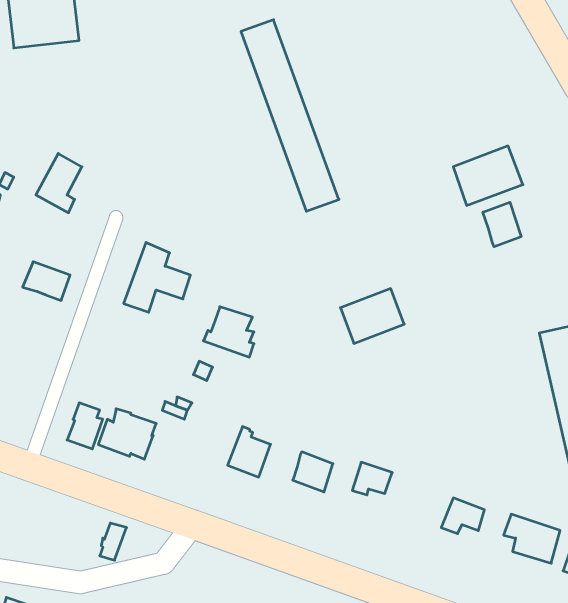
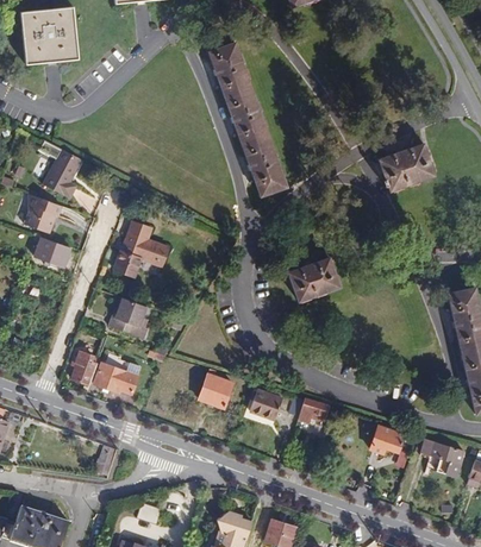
building: [483,202,521,247] -> none
building: none -> [24,194,61,232]
building: [203,307,254,357] -> [108,298,149,339]

